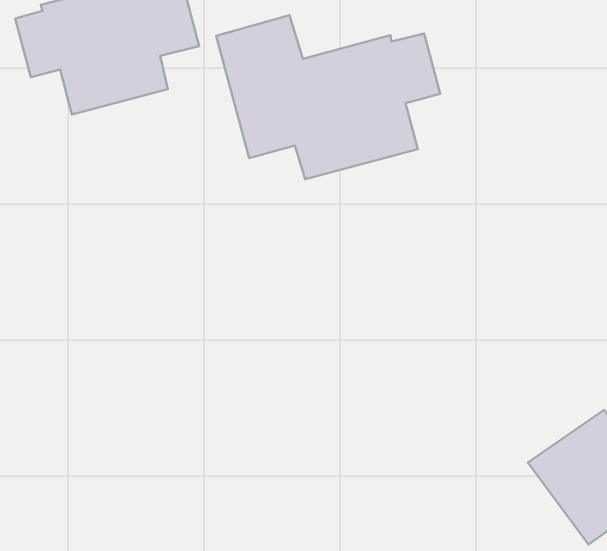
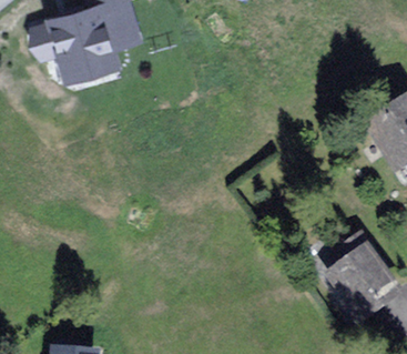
building: [216,15,440,179] -> none

